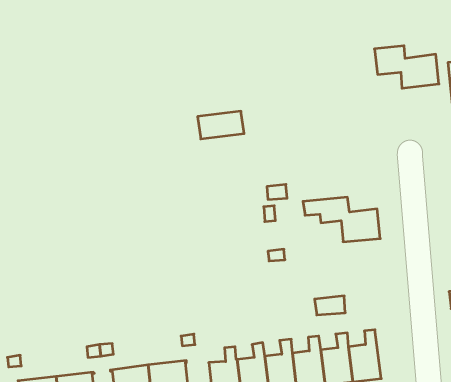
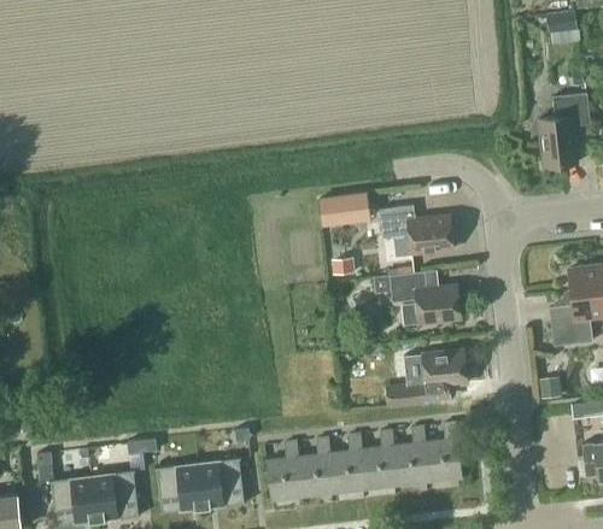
building: [374,46,439,88] -> [379,206,452,254]
building: [198,111,244,139] -> [317,194,370,225]
building: none -> [421,351,467,388]

